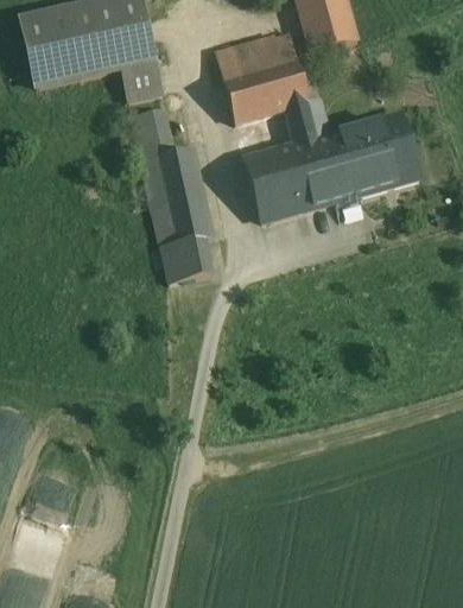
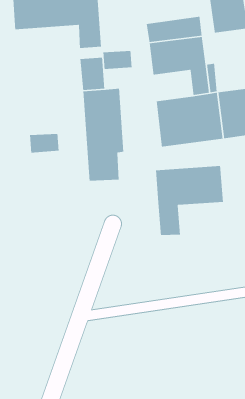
building: none -> [103,50,132,70]
building: none -> [29,133,59,153]
building: none -> [155,165,224,236]

